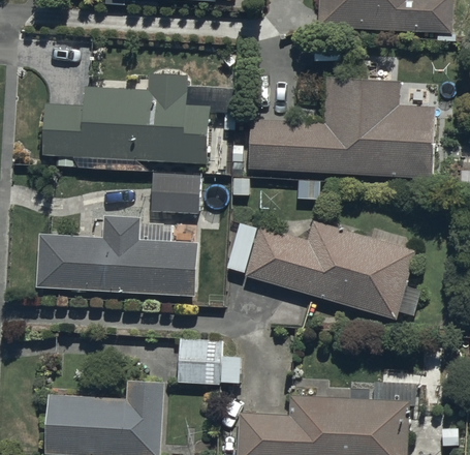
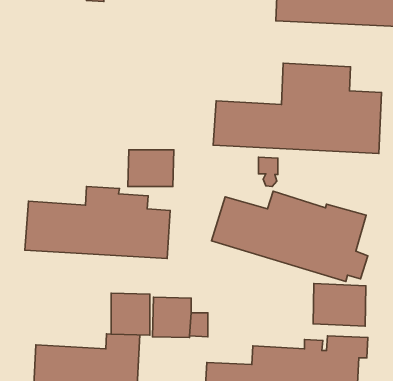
building: [41,71,211,172] -> none
building: none -> [313,283,366,326]
building: none -> [111,293,150,335]

